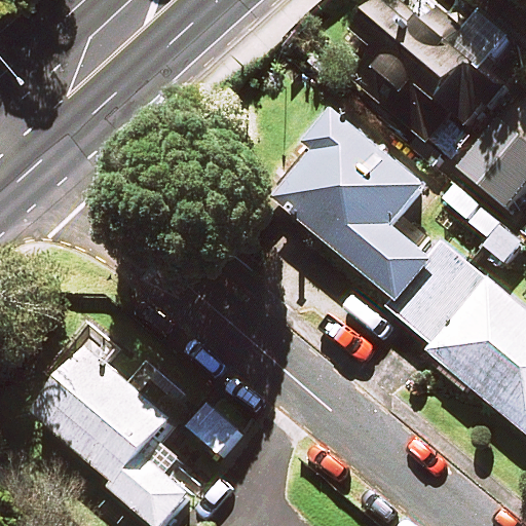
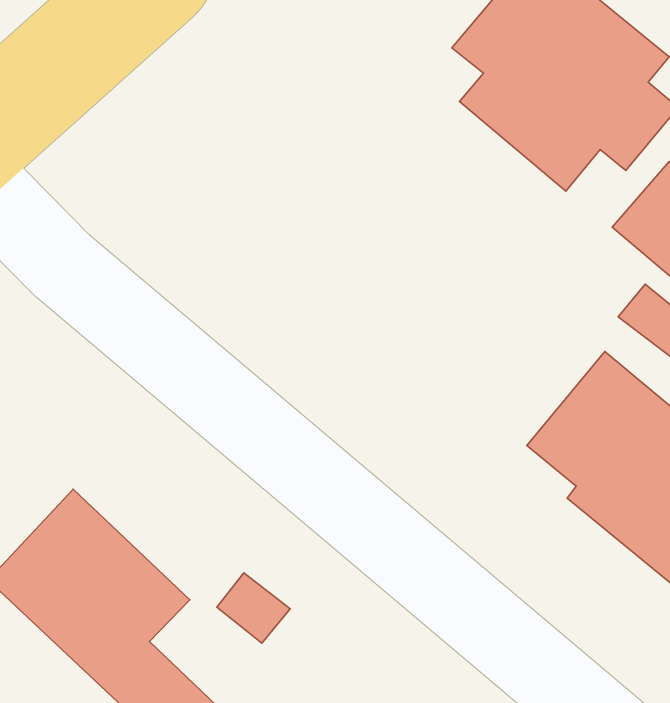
building: [273,109,435,302] -> none

